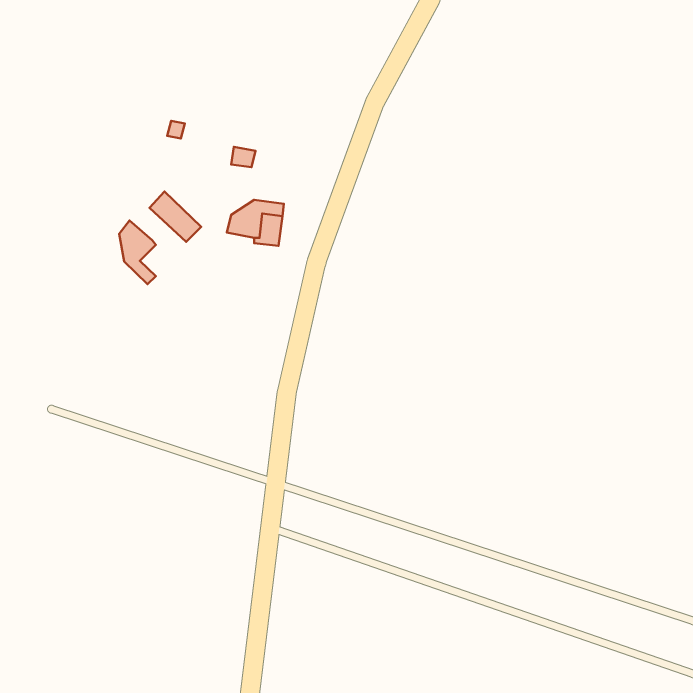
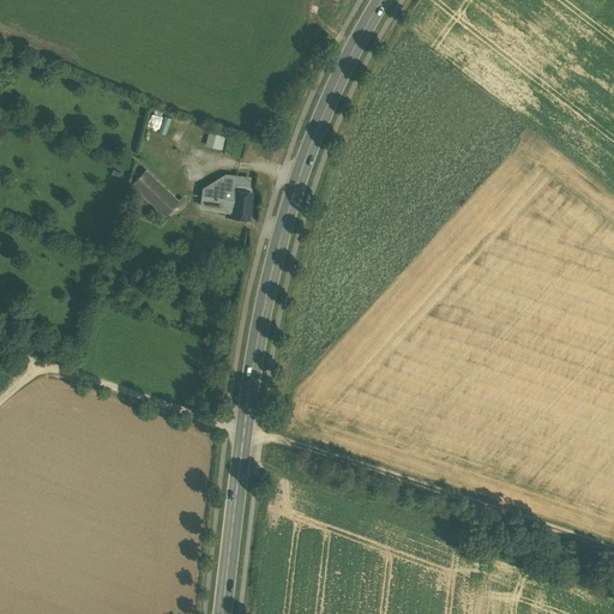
building: [119,220,156,284] -> none

